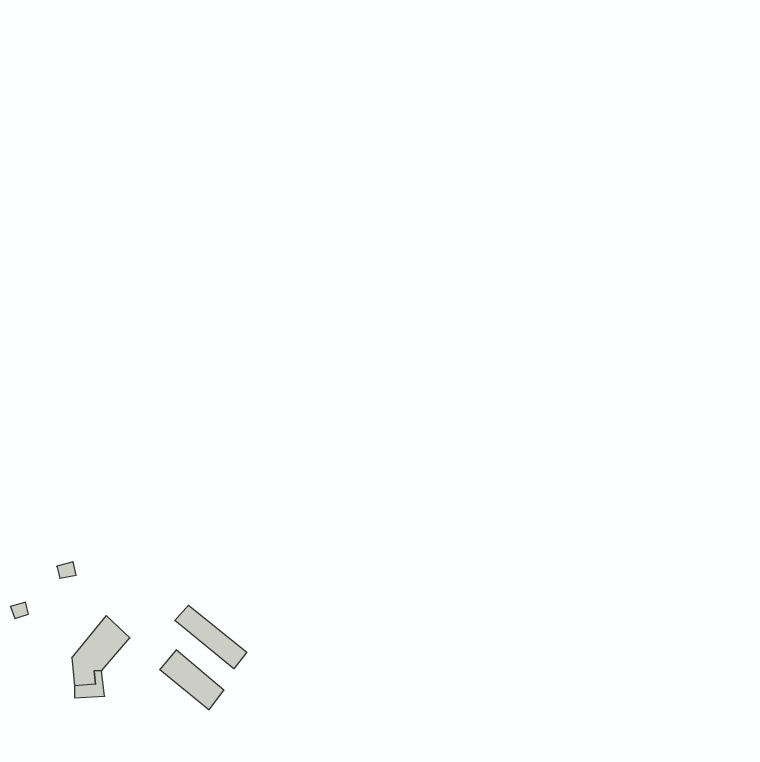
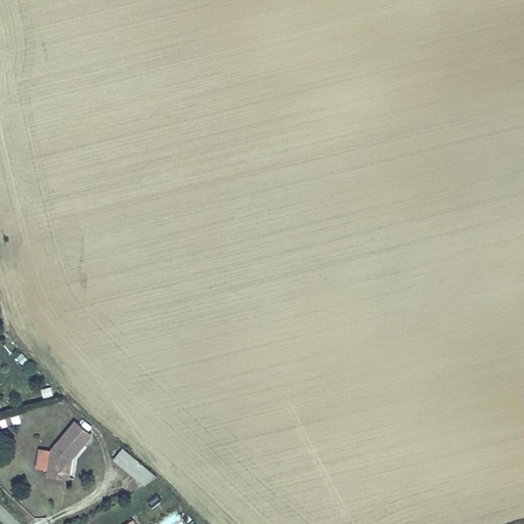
building: [175,605,247,669] -> none

